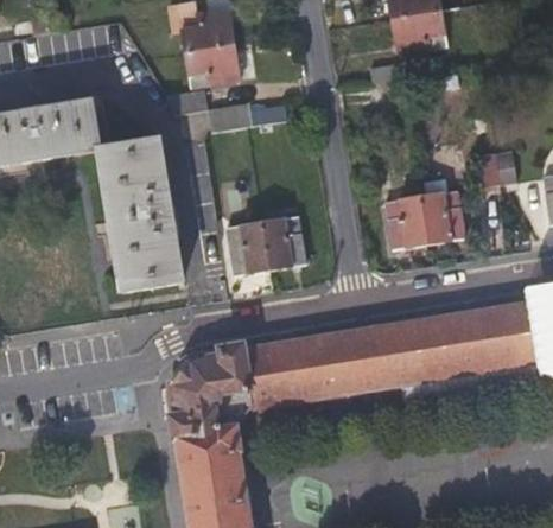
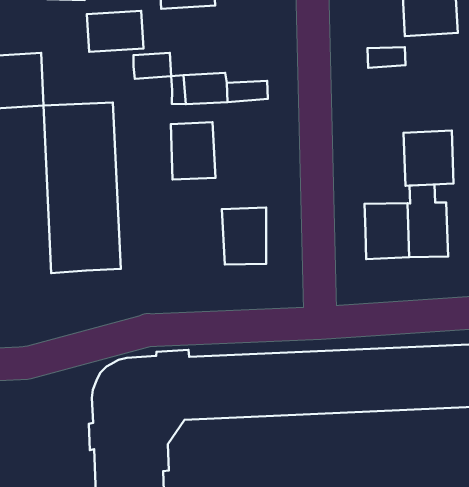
building: [189,45,241,85] -> [87,11,144,52]
building: none -> [404,131,454,186]
building: [225,220,269,273] -> [171,122,216,180]

